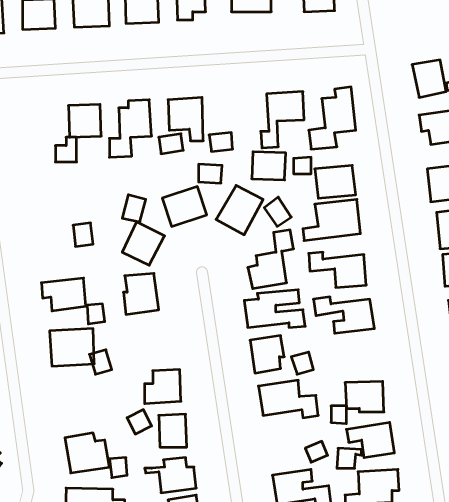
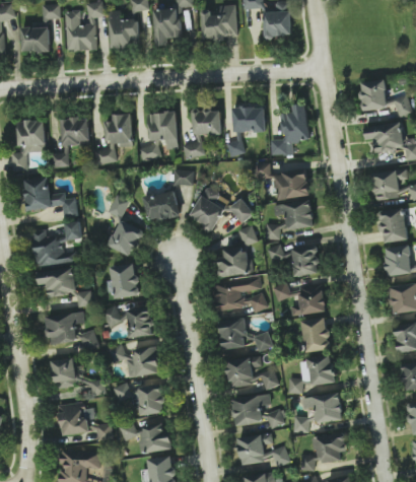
building: none -> [11,120,46,171]
building: [252,152,286,180] -> [192,110,221,134]
building: none -> [18,178,77,218]
building: none -> [29,231,76,266]
building: none -> [103,305,153,338]
building: none -> [301,317,330,352]
building: none -> [51,358,105,396]
building: none -> [232,395,270,424]

